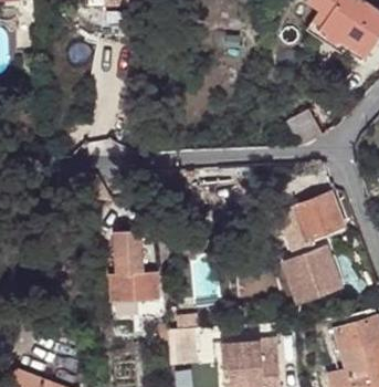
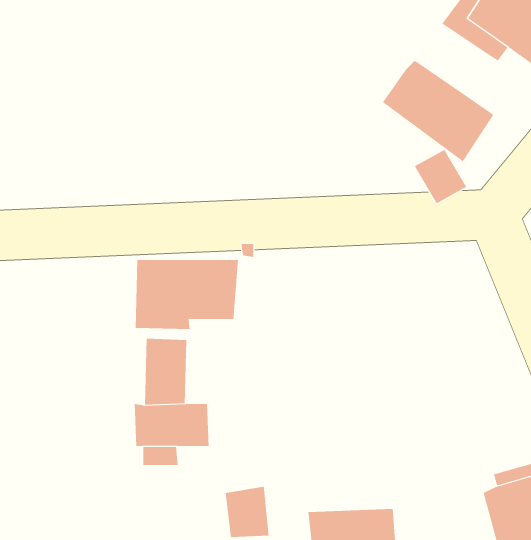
building: none -> [382,60,494,162]
building: none -> [135,259,239,330]
building: [274,195,344,304] -> none

